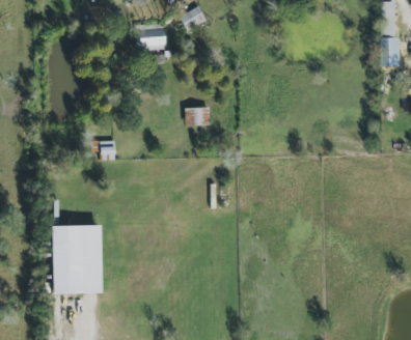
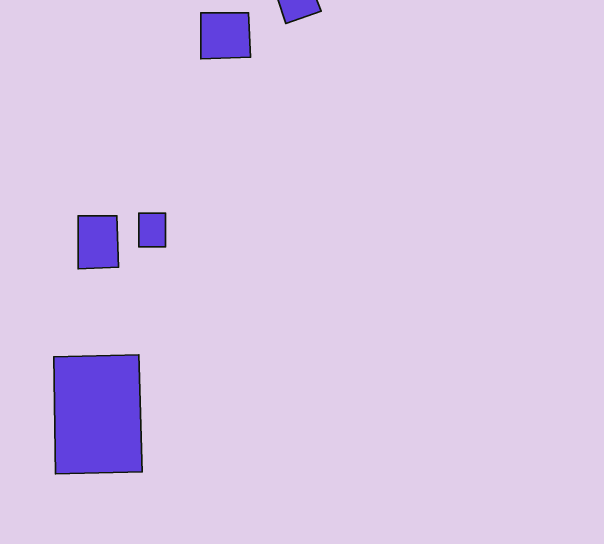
building: [186,107,211,125] -> none
building: none -> [78,216,118,269]

